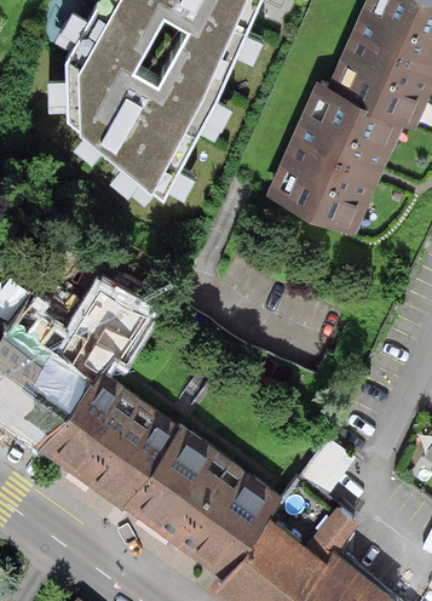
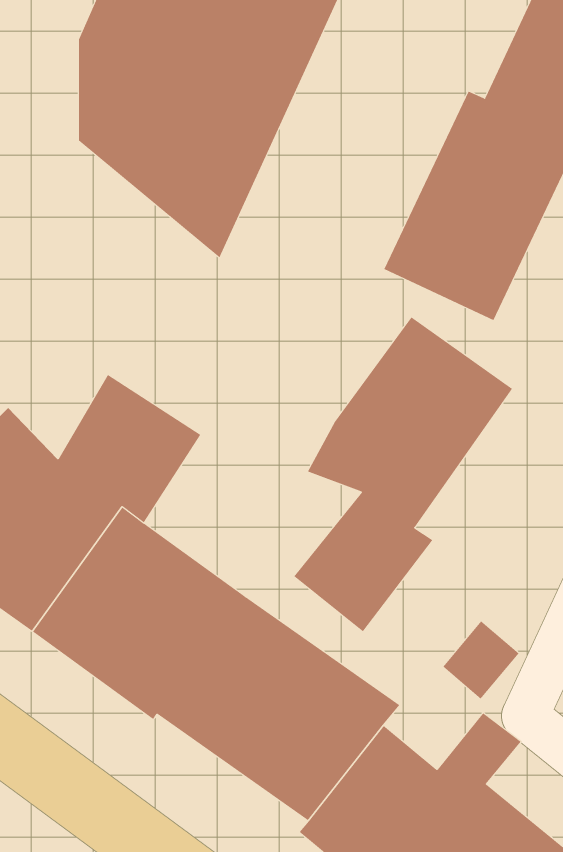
building: none -> [293,317,513,632]

